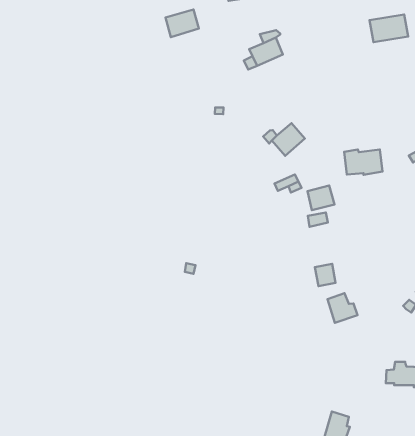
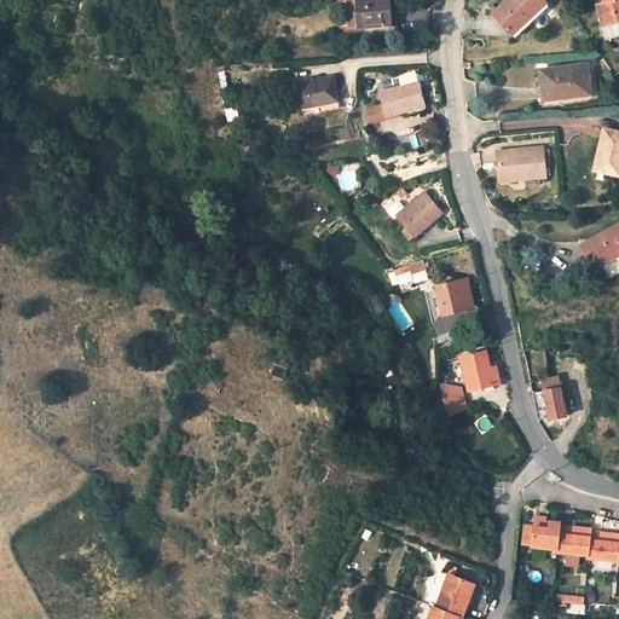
building: [165,9,199,37] -> [297,74,340,108]
building: [344,150,383,175] -> [498,147,546,181]
building: none -> [532,387,563,422]
building: [327,293,357,323] -> [462,352,499,389]

